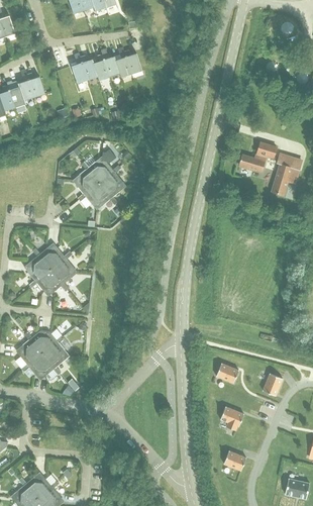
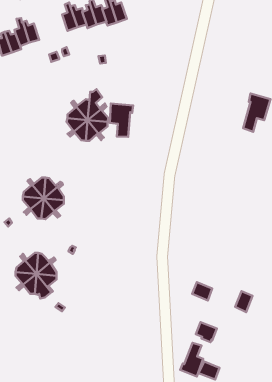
building: [238,142,276,173] -> none
building: none -> [110,103,133,137]
building: none -> [180,343,203,376]

